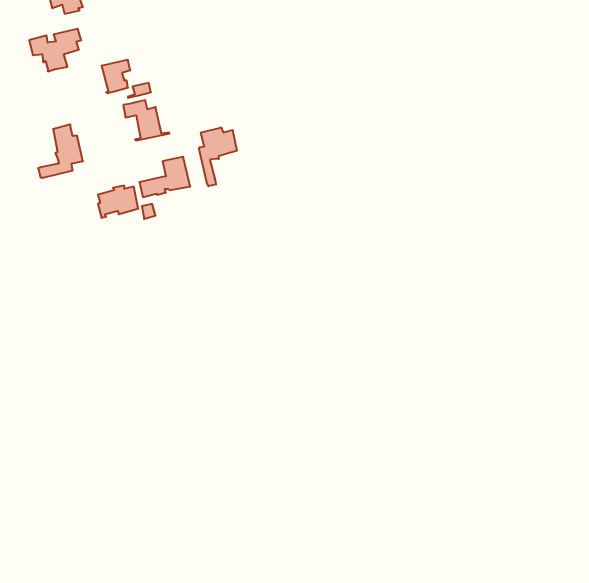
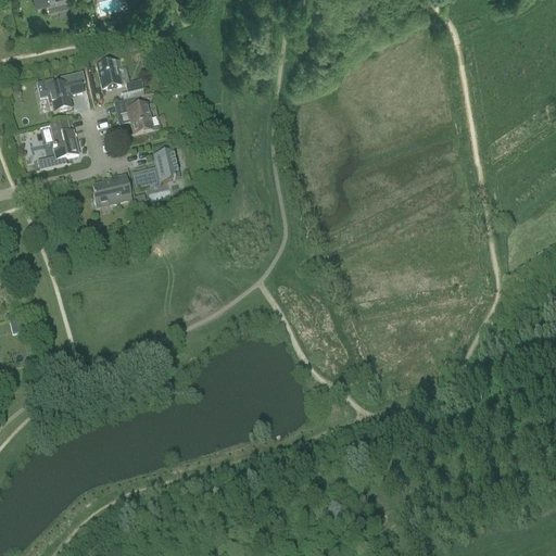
building: [29,29,81,71] -> [36,70,85,110]
building: [199,127,237,186] -> none

